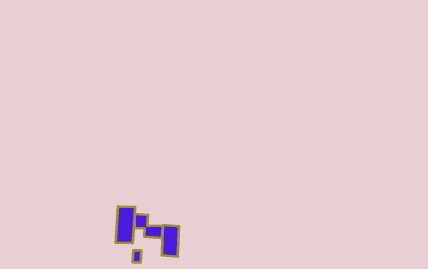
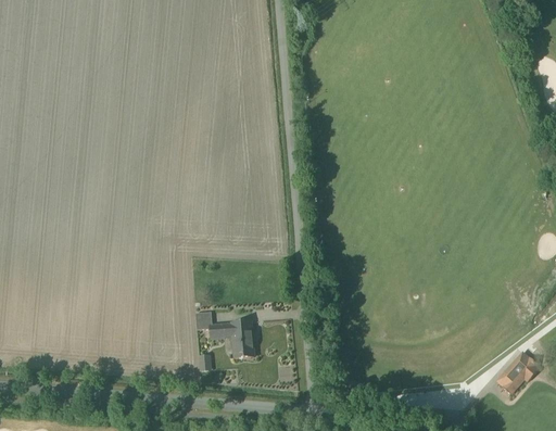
building: [116,206,135,243] -> none

